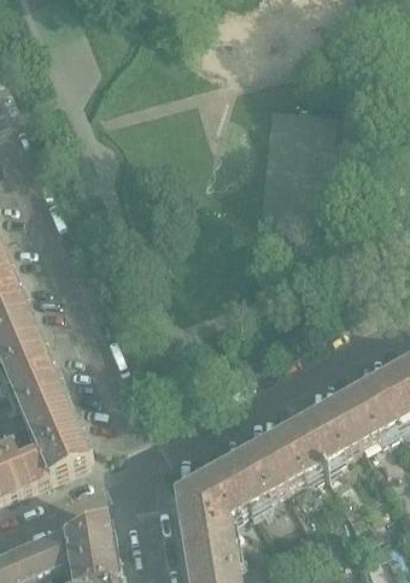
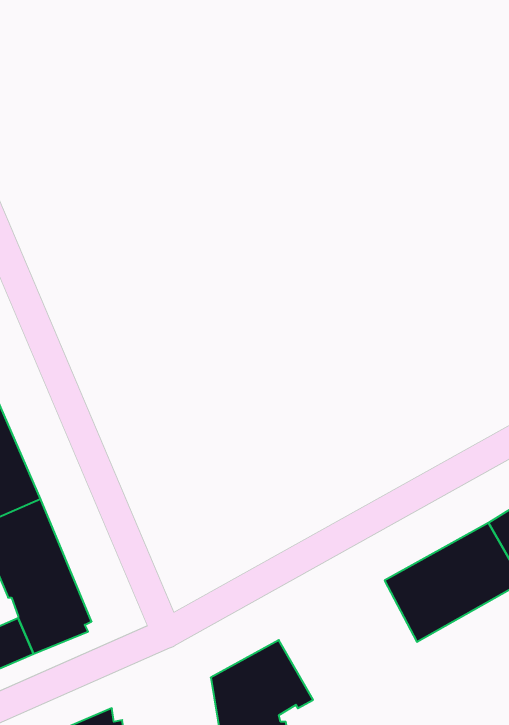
building: [221,422,318,506] -> none

